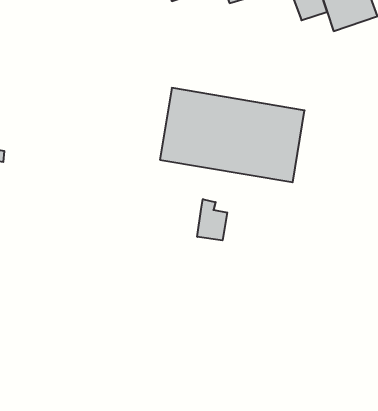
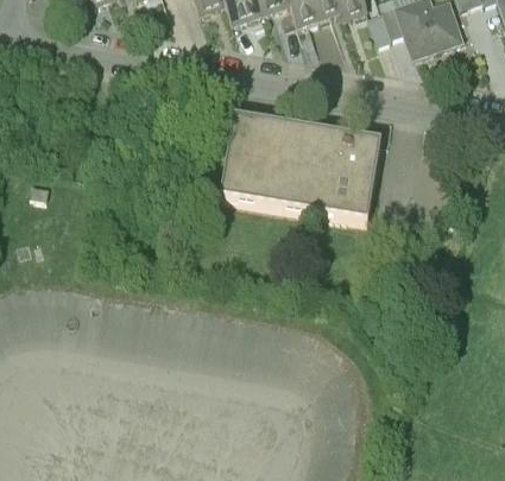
building: [197,199,227,240] -> none

